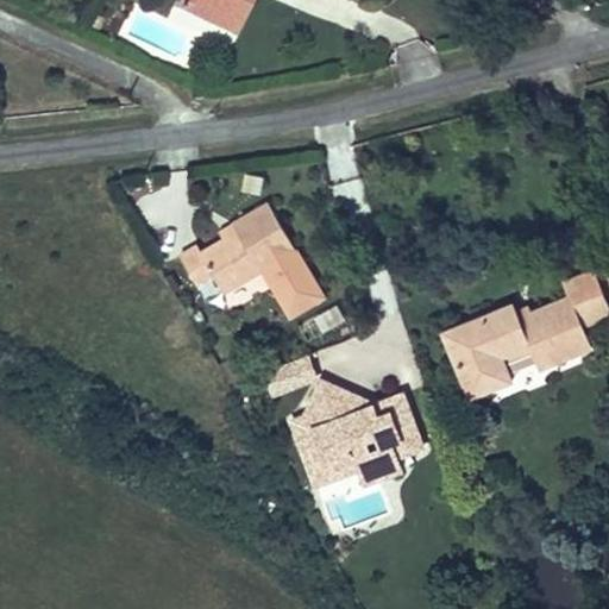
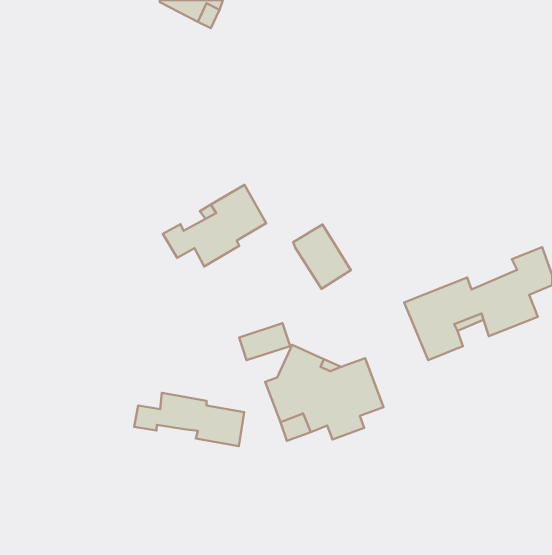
building: [259,245,322,315] -> [293,225,351,289]
building: none -> [134,393,244,446]

